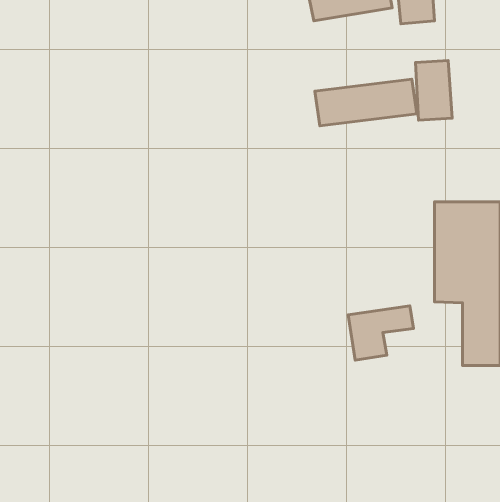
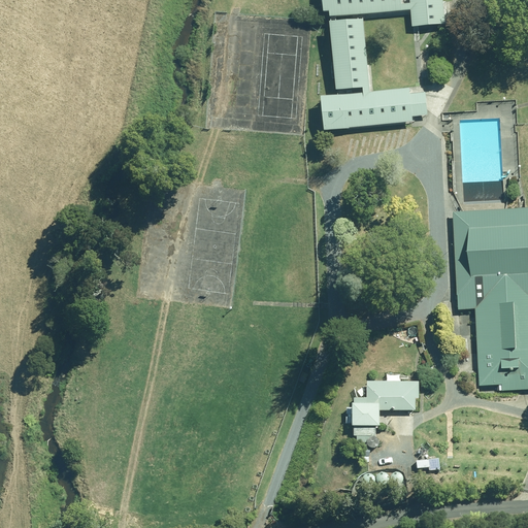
building: [415,61,452,120] -> [337,28,375,90]
building: [348,306,414,360] -> [350,378,418,435]

